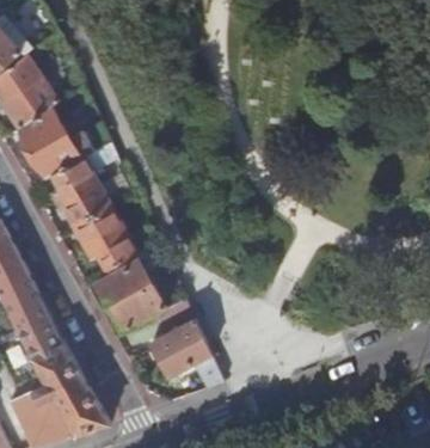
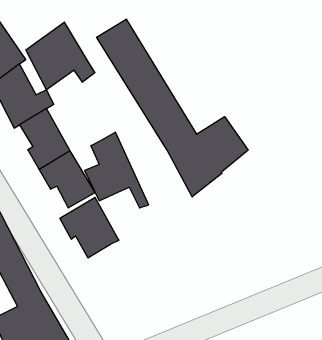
building: none -> [97,19,248,197]
building: none -> [26,22,95,90]
building: [148,297,222,385] -> [85,132,149,208]

